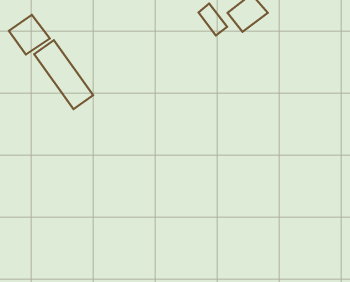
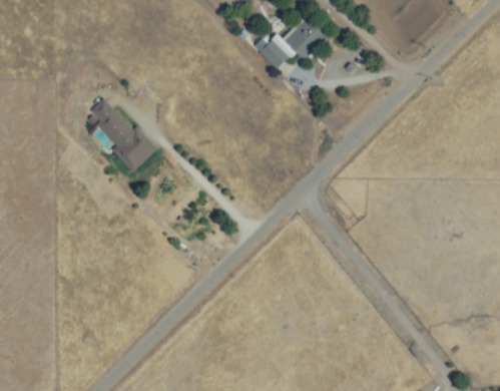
building: [9,15,50,55] -> none

